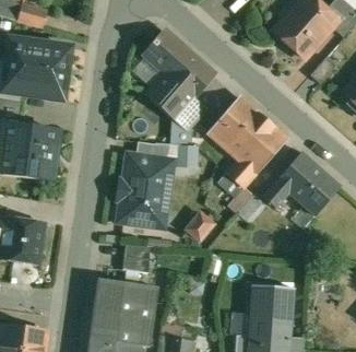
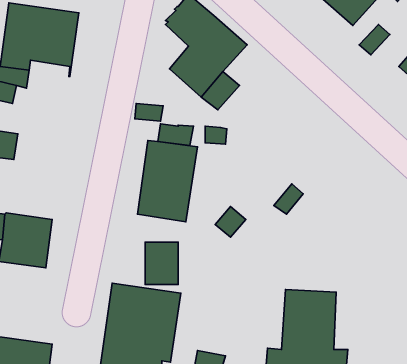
building: [209,98,286,196] -> none
building: [14,128,58,181] -> none
building: [263,153,341,216] -> none

